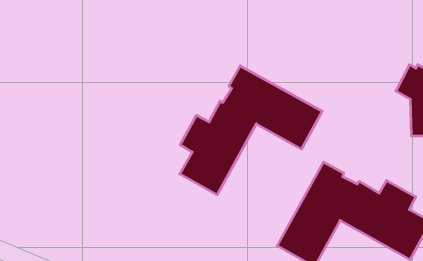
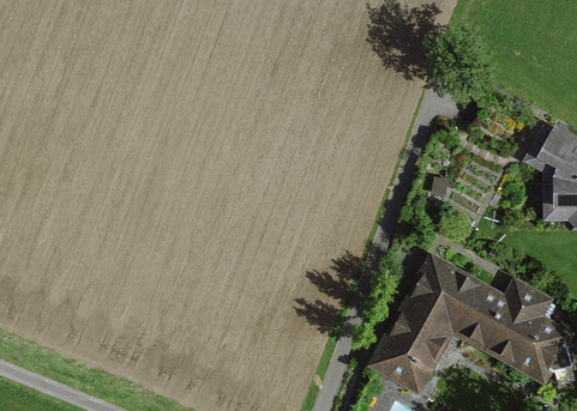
building: [180,66,322,195] -> none

